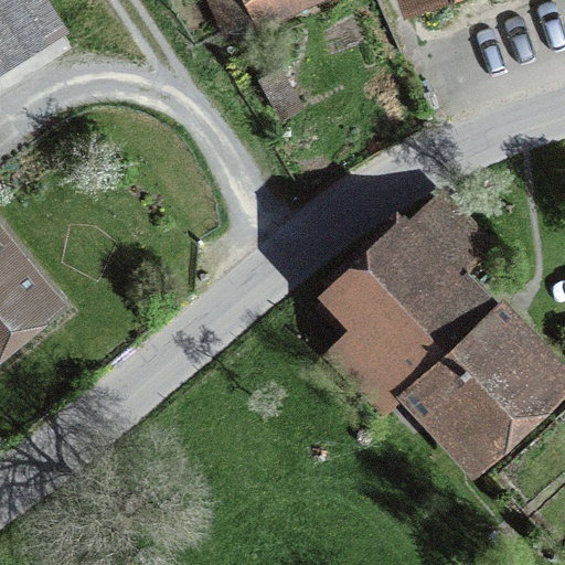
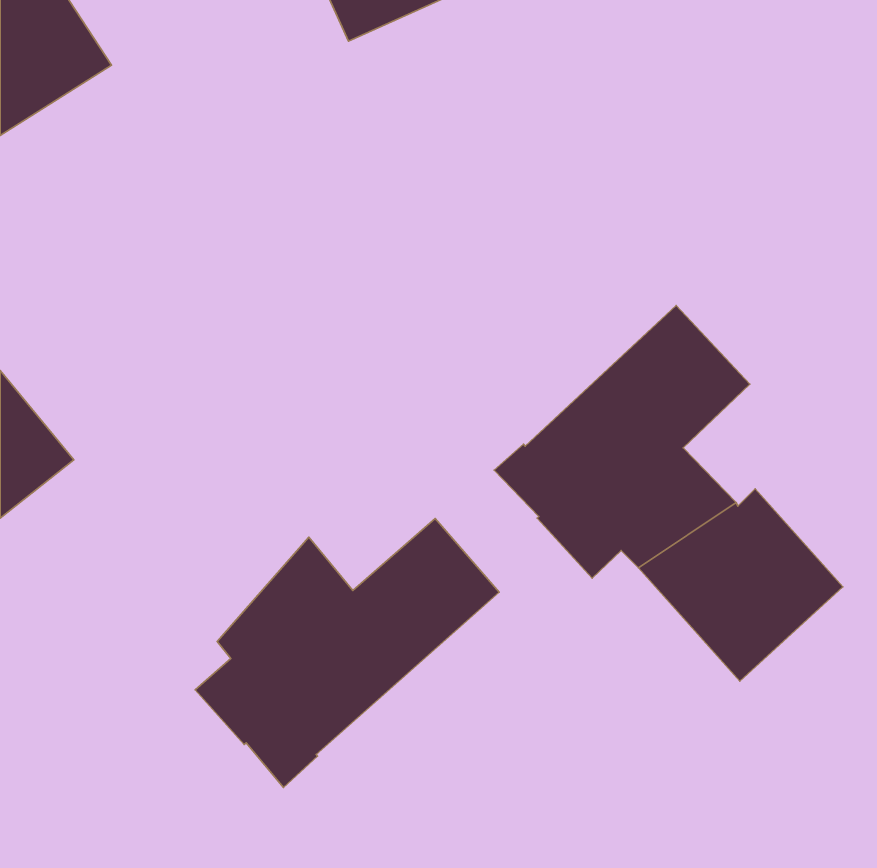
building: none -> [195,519,499,787]

